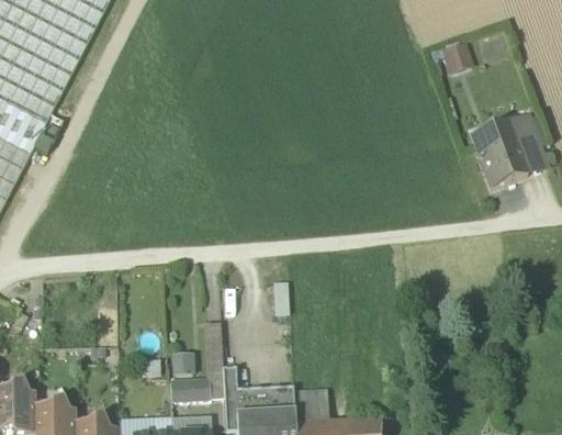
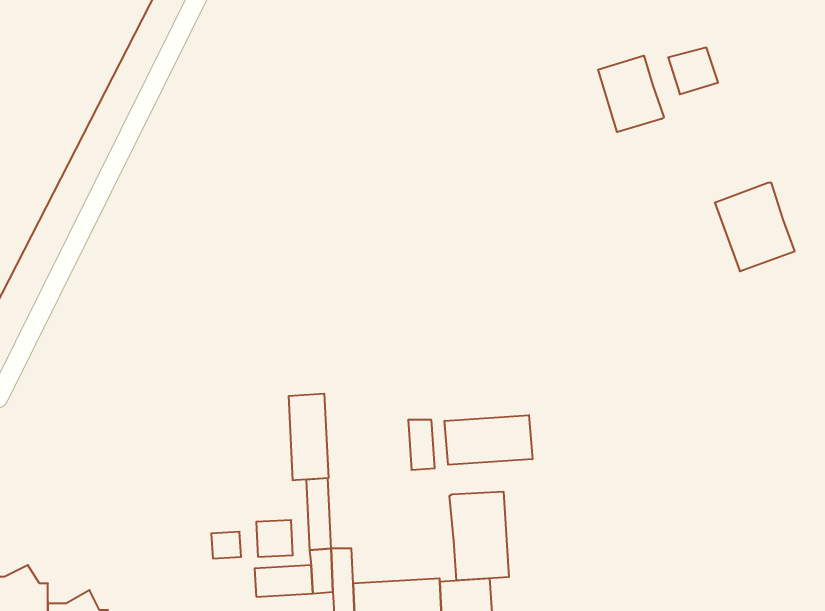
building: none -> [598,56,664,132]
building: [507,113,538,150] -> none
building: none -> [289,394,328,480]
building: none -> [445,415,532,465]
building: none -> [450,492,509,581]

